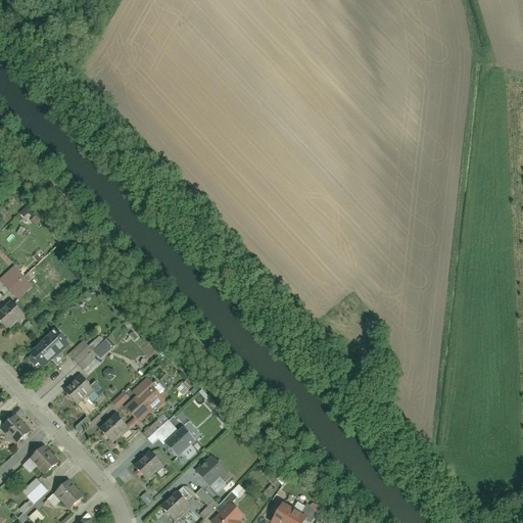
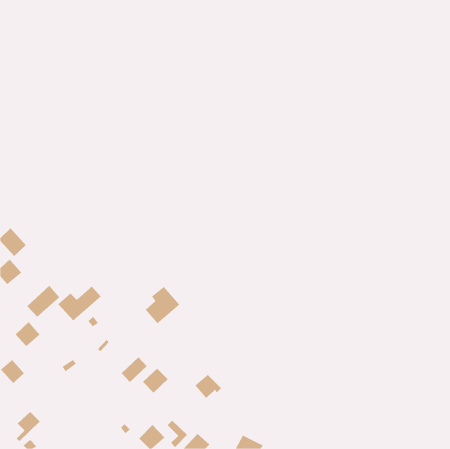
building: [63,375,93,405] -> [15,321,40,347]
building: [124,378,164,422] -> [145,286,180,324]
building: [98,413,128,442] -> none
building: [30,445,58,474] -> none
building: [133,450,163,482] -> none
building: [196,457,228,485] -> [194,374,222,399]
building: [54,481,83,510] -> none

